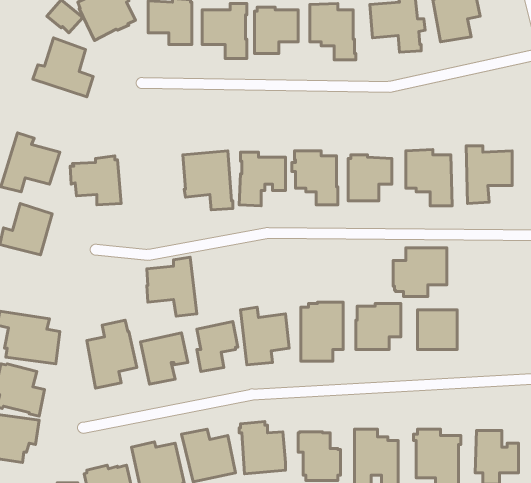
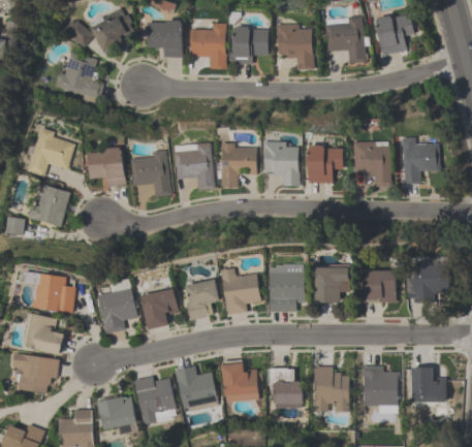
building: [393,248,447,297] -> [405,263,448,302]
building: [147,257,197,316] -> [131,150,171,197]

